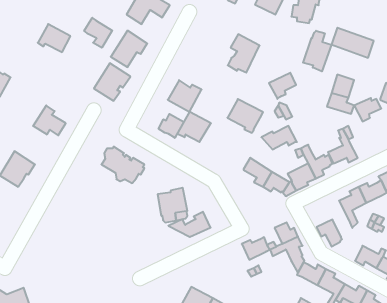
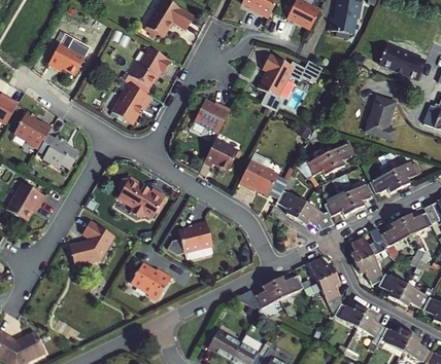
building: [84,18,112,48] -> none
building: [303,31,332,71] -> none
building: [269,73,296,99] -> [325,141,354,170]
building: none -> [14,106,53,146]
building: [354,98,381,121] -> [392,161,421,187]
building: [227,99,263,133] -> [246,167,285,204]
building: [159,114,184,138] -> none
building: none -> [68,218,113,261]
building: none -> [350,227,387,263]
building: [168,212,211,237] -> [235,282,281,310]
building: none -> [131,261,170,299]
building: none -> [379,274,406,300]

